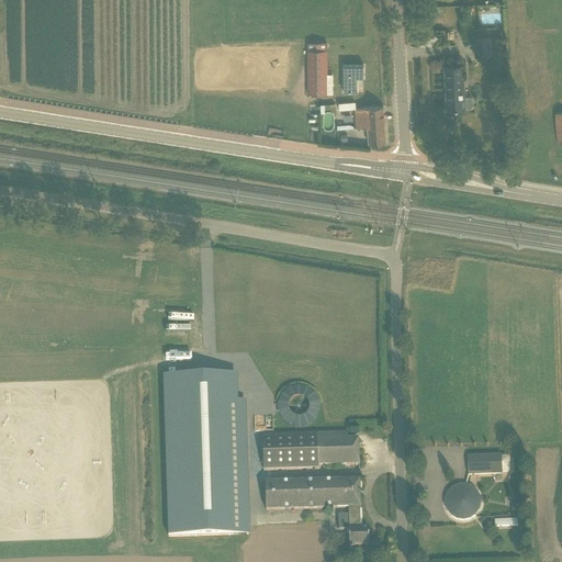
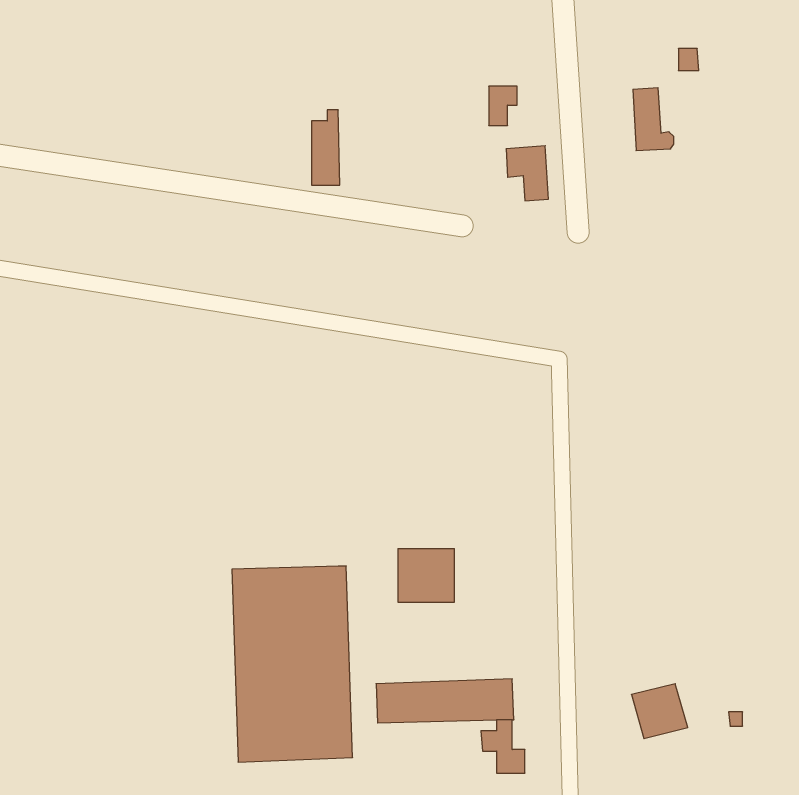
building: [306,38,326,91] -> [312,110,340,185]
building: [162,372,237,398] -> none
building: [250,427,358,467] -> none
building: [467,451,508,471] -> none

